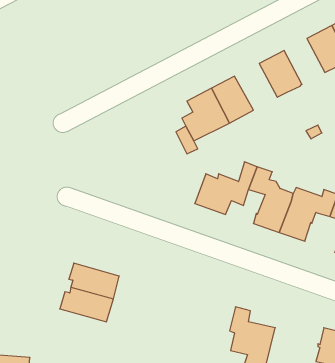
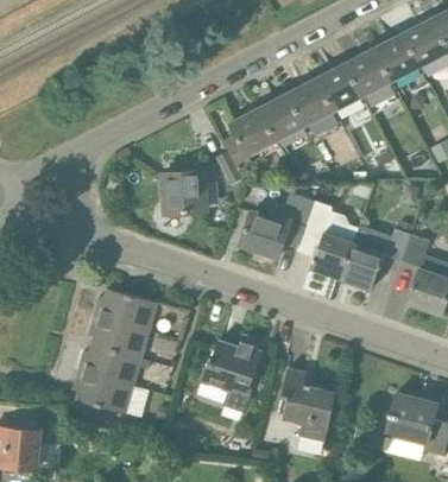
building: none -> [347,47,396,102]
building: none -> [288,77,339,133]
building: none -> [164,158,207,211]
building: none -> [95,288,158,331]
building: none -> [200,342,261,407]
building: none -> [72,370,134,414]

